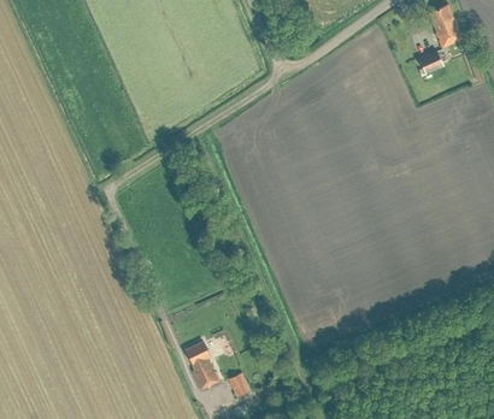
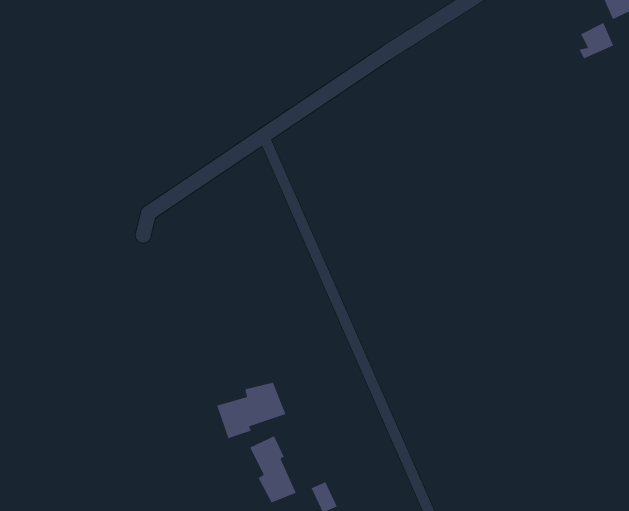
building: none -> [216,382,286,439]

